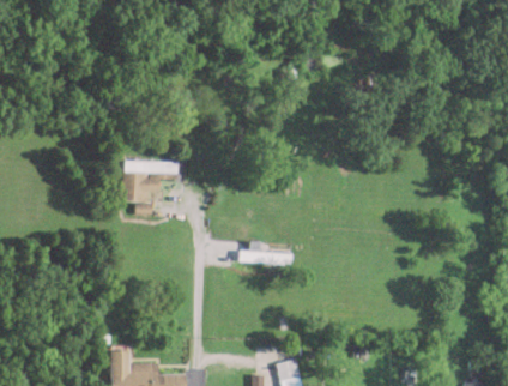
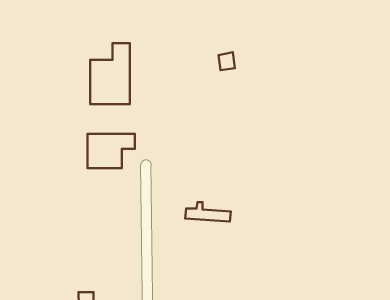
building: none -> [90,43,130,104]

